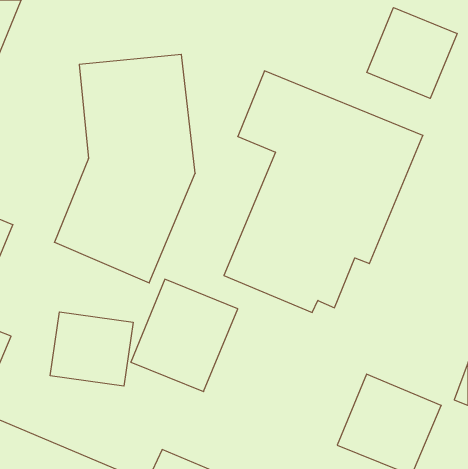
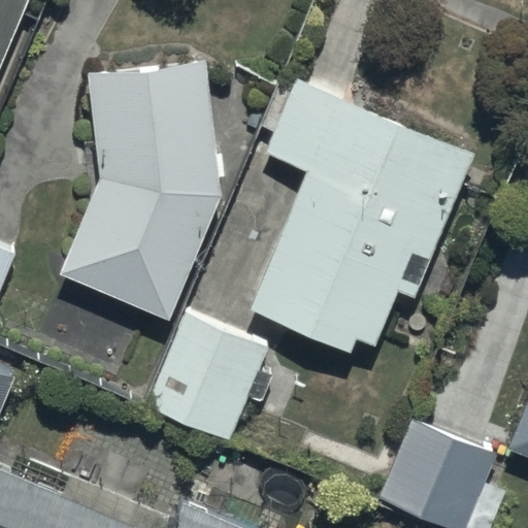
building: [367,8,457,98] -> none
building: [50,312,133,386] -> none

